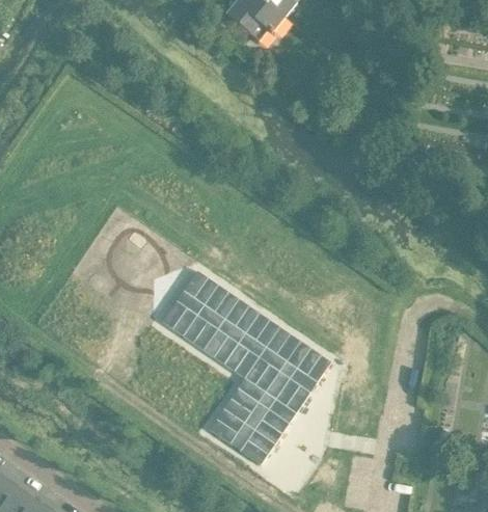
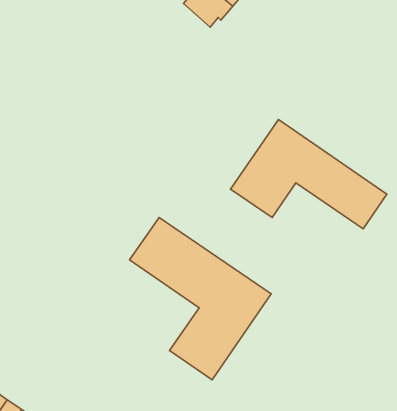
building: none -> [231,119,387,229]

